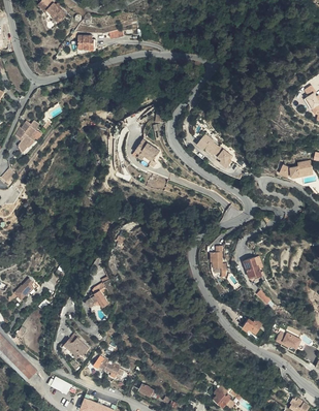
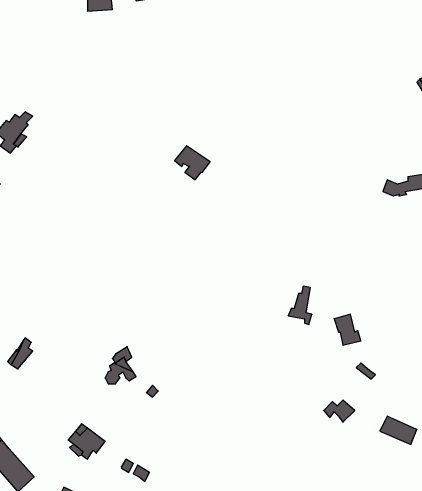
building: [199,134,236,167] -> none

